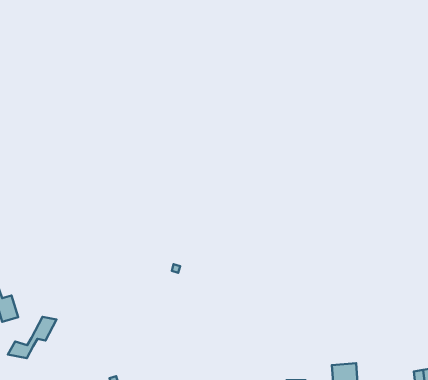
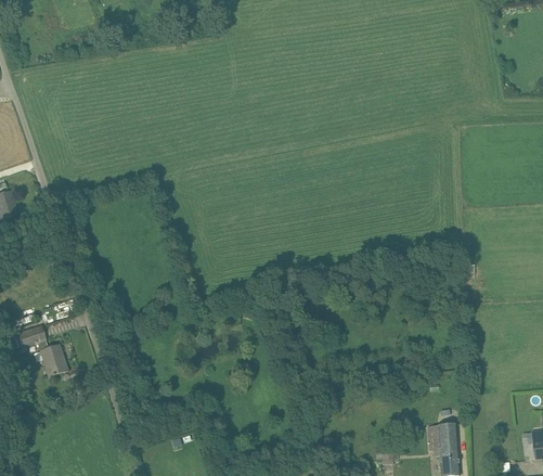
building: [8,317,57,358] -> none

